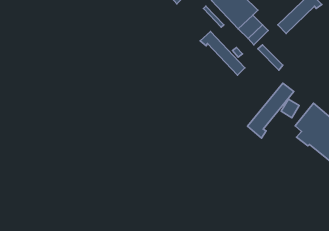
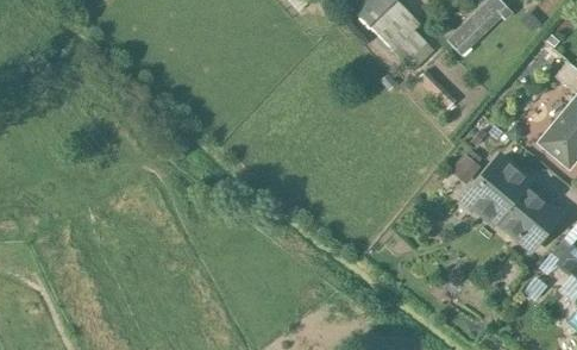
building: [200,31,245,75] -> none
building: [247,83,294,138] -> none

